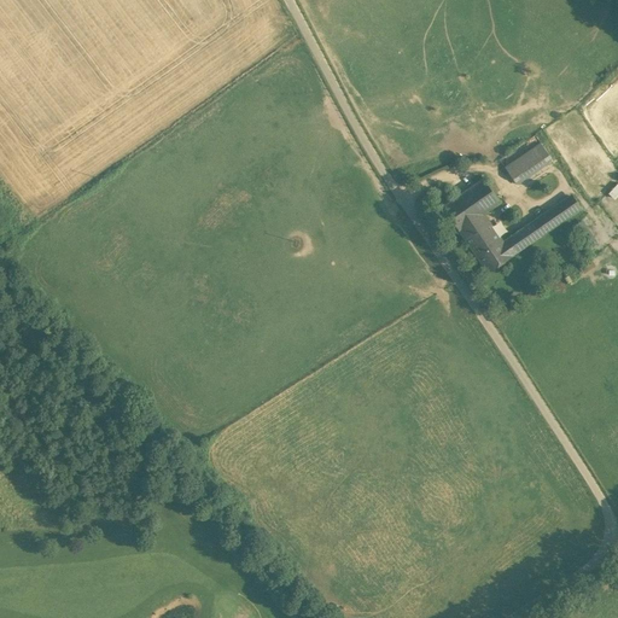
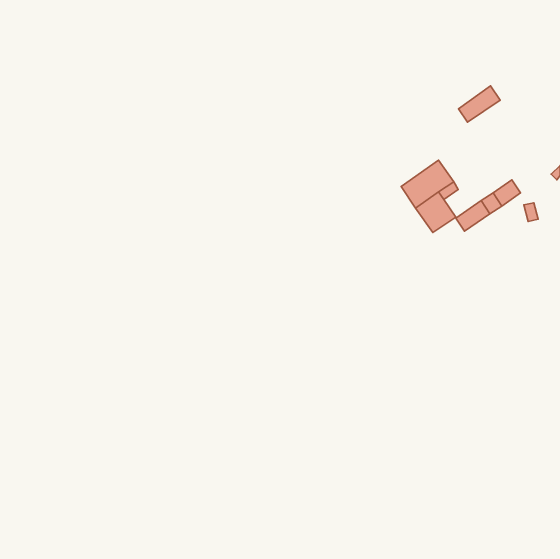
building: [505,144,550,183] -> [459,86,500,122]
building: [477,240,512,273] -> none

